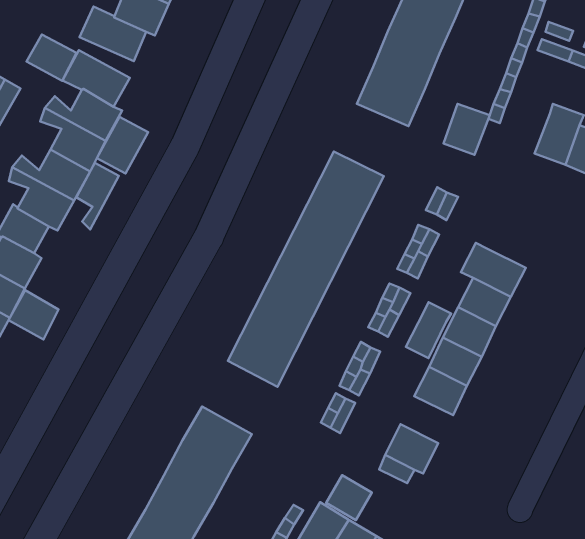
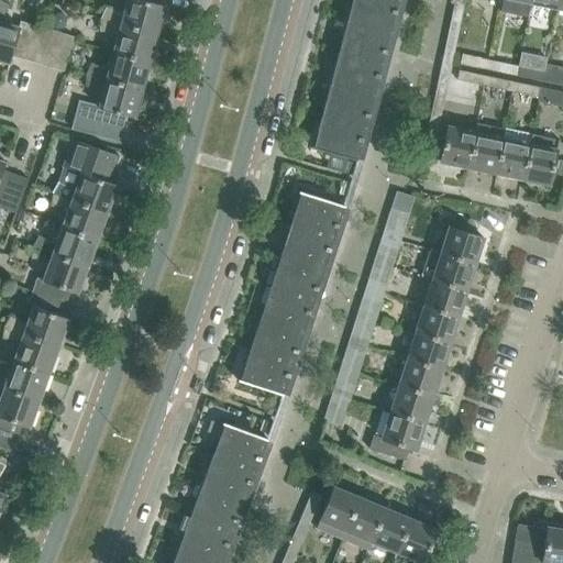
building: [26,34,77,81] -> none
building: [443,104,490,155] -> [442,126,477,167]
building: [97,117,148,173] -> none
building: [77,163,119,229] -> none
building: none -> [442,227,485,264]
building: [8,290,59,339] -> none
building: [406,302,451,358] -> none
building: none -> [393,386,435,422]
building: [326,475,372,520] -> none

